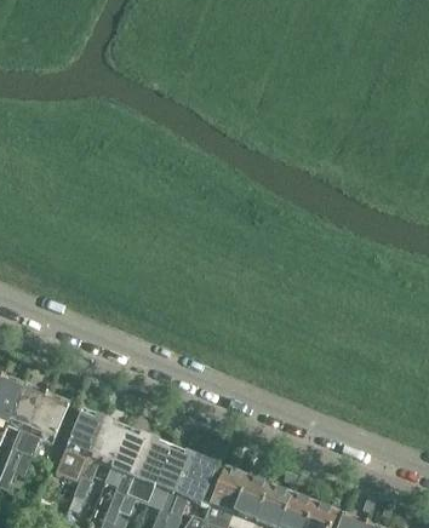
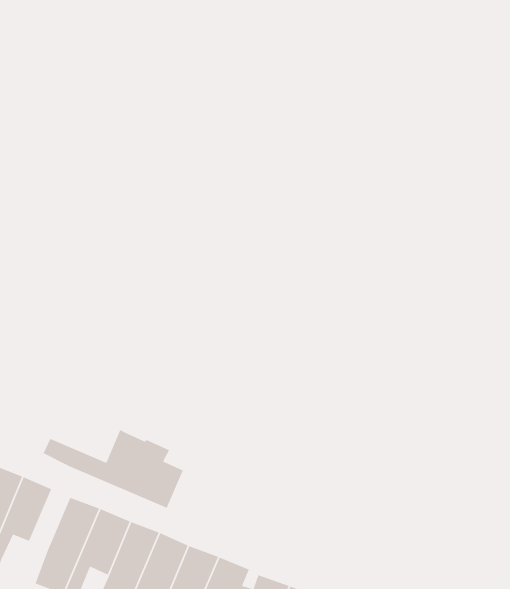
building: none -> [42,429,184,509]

